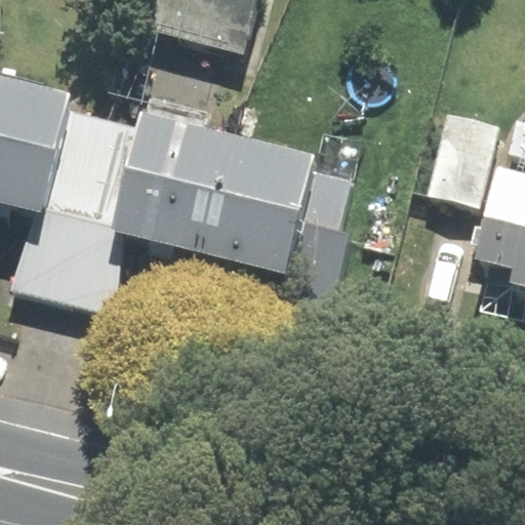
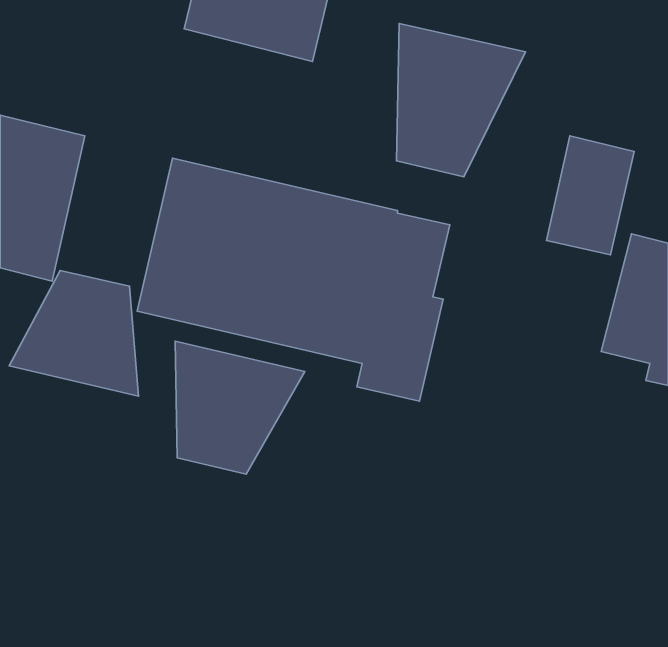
building: none -> [396,23,526,177]
building: none -> [175,341,305,474]

